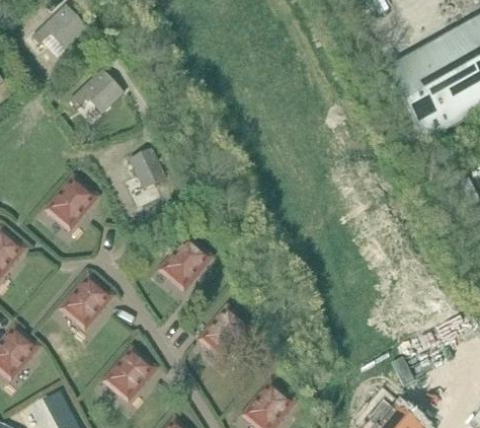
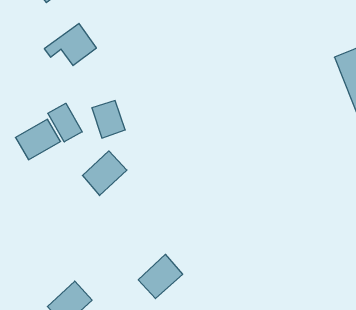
building: none -> [48,103,82,142]
building: [162,238,210,288] -> [82,151,127,196]
building: [63,277,111,327] -> none

